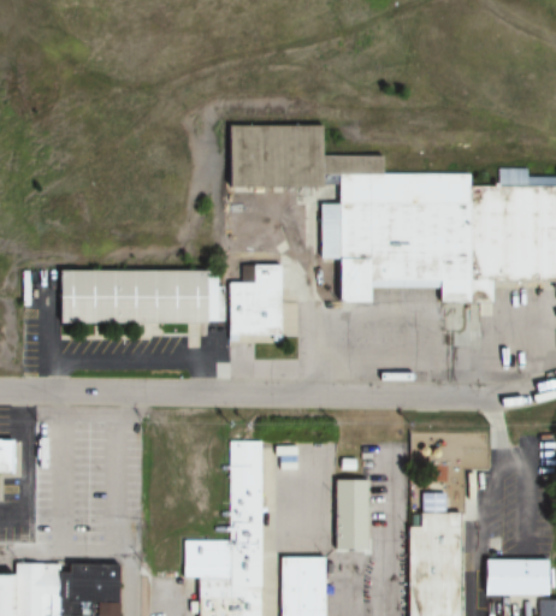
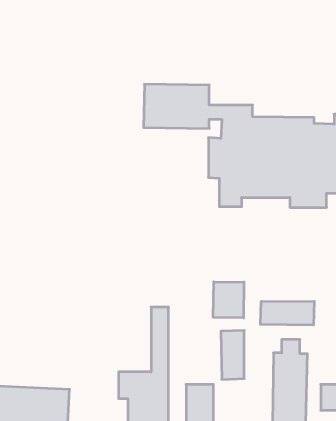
building: [58,262,282,338] -> none
building: none -> [213,282,244,318]
building: none -> [260,301,314,325]

